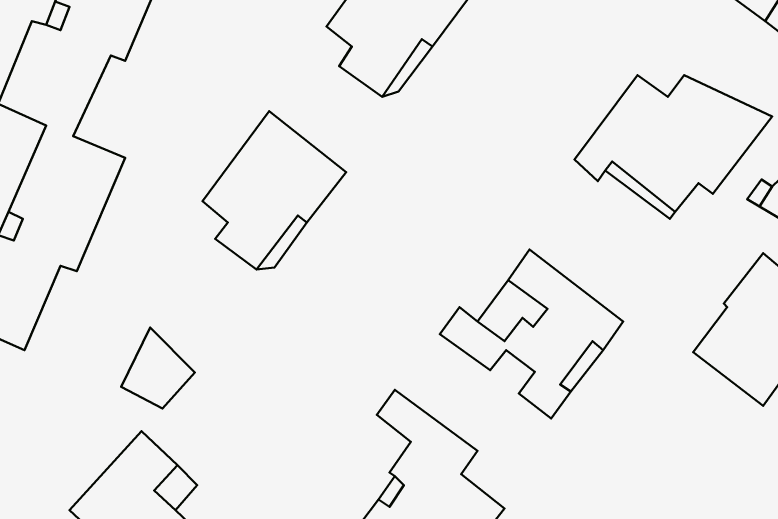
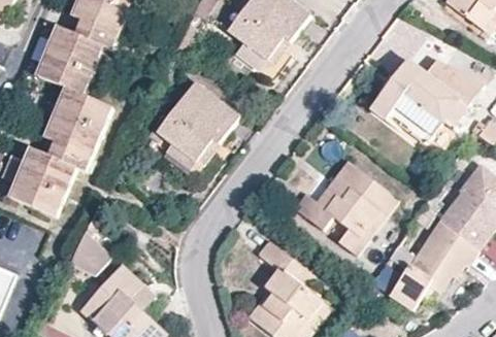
building: [121,328,195,409] -> [68,229,110,275]
building: none -> [388,217,478,307]

